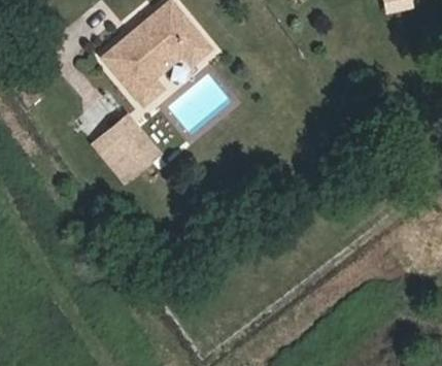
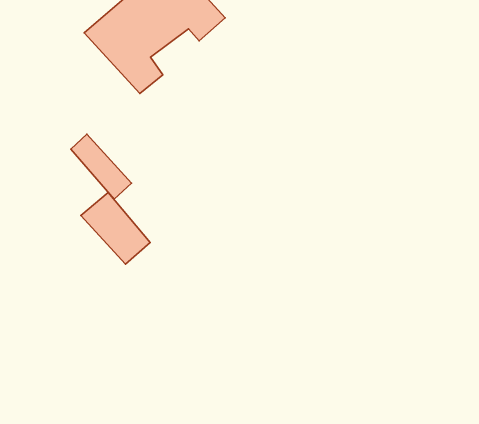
building: [105,118,158,172] -> [81,192,150,264]

